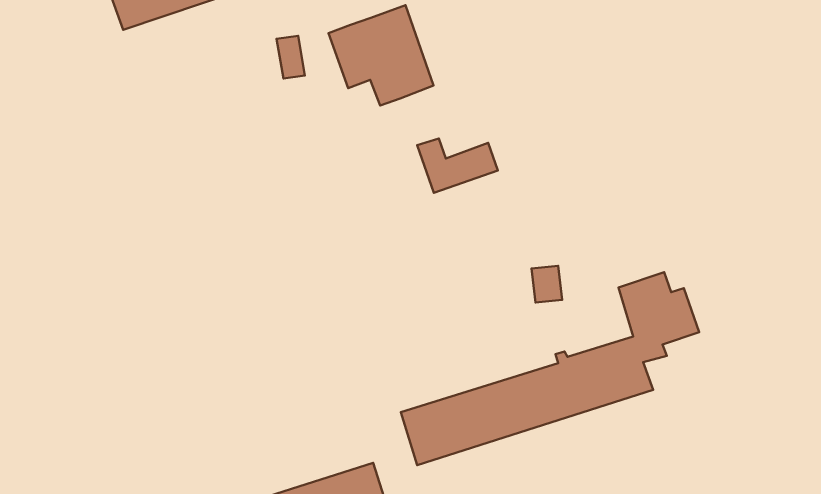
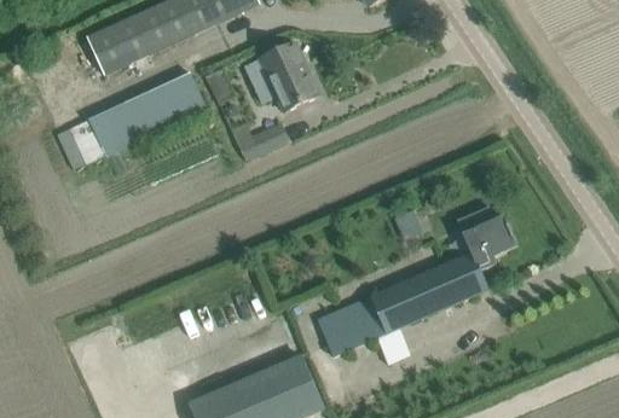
building: none -> [56,71,207,168]
building: [417,138,498,193] -> [230,122,287,159]

